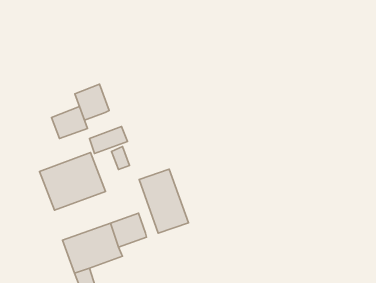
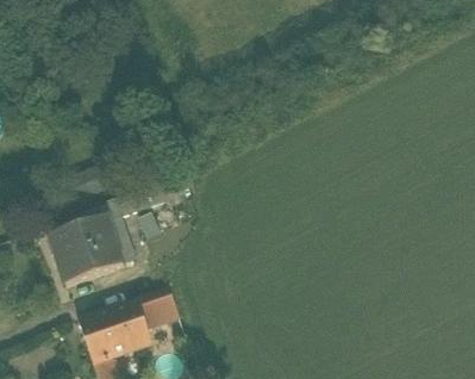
building: [75,84,109,120] -> none
building: [139,169,188,233] -> none

